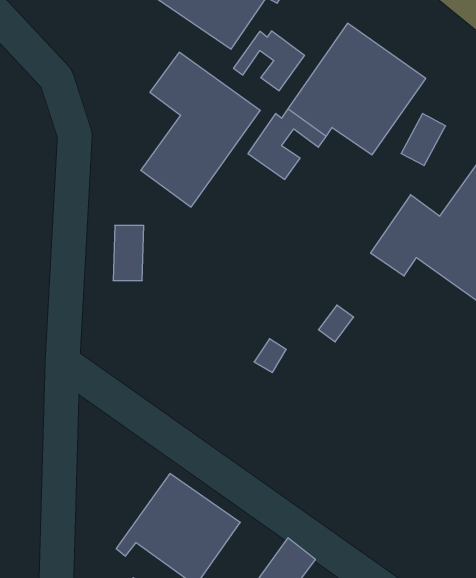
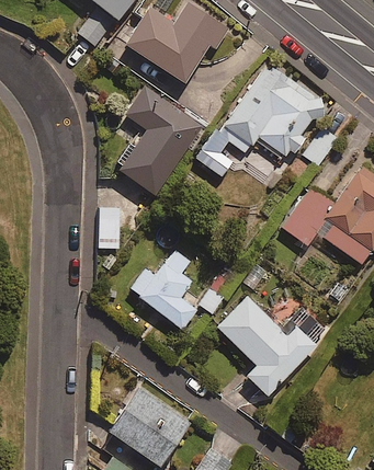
building: [234,31,304,91] -> none
building: none -> [131,251,196,330]
building: none -> [216,296,328,396]

